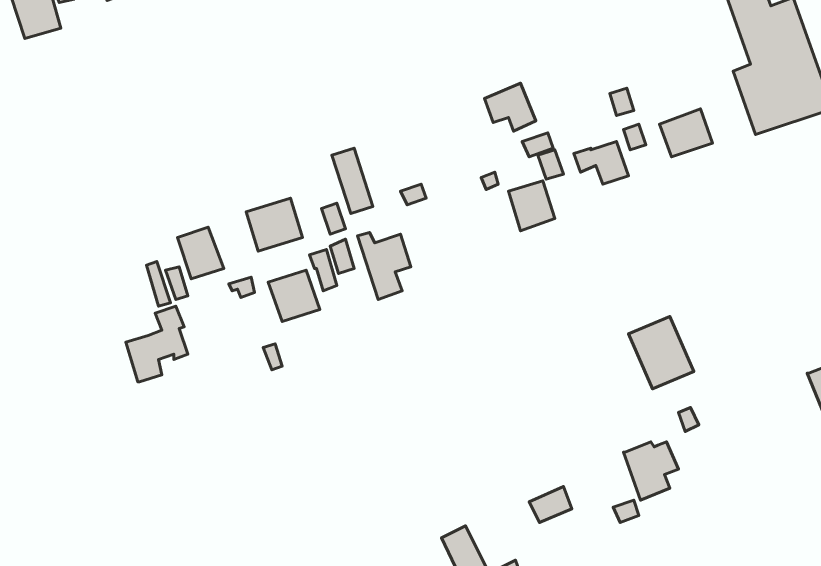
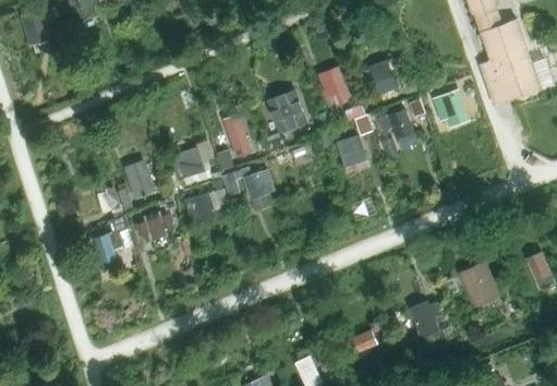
building: none -> [371,57,400,94]
building: none -> [271,92,307,133]
building: none -> [136,212,174,239]
building: [629,317,694,389] -> [459,261,500,306]

